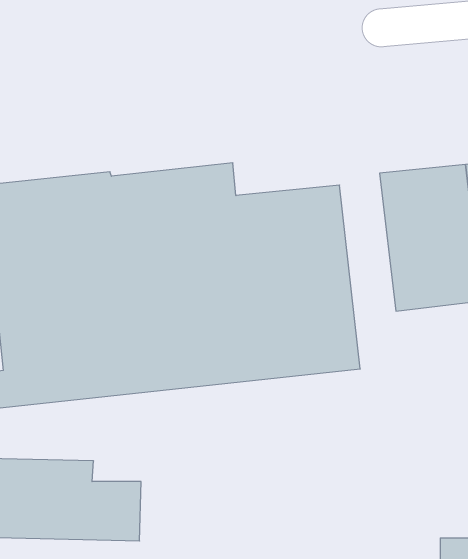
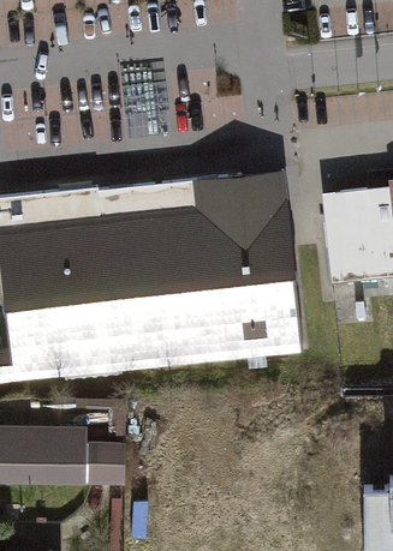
building: none -> [200,175,286,209]

